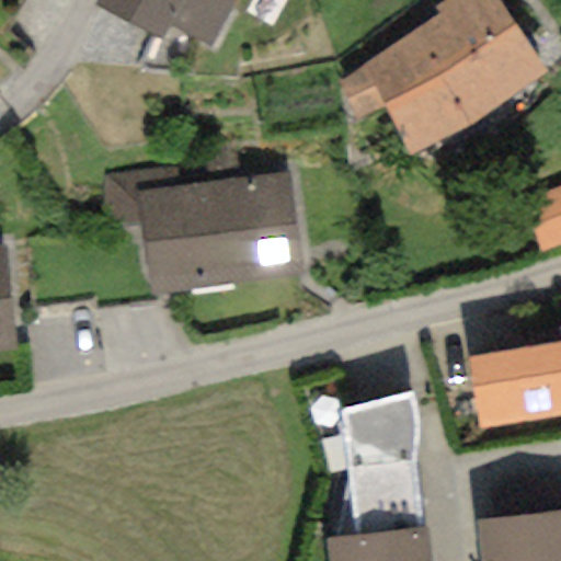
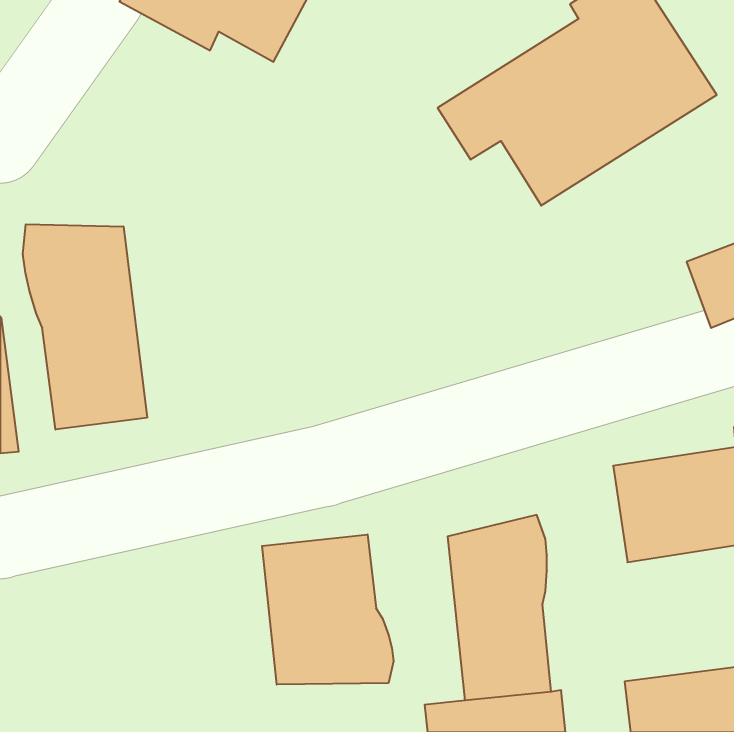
building: [105,163,310,300] -> none
building: none -> [23,224,147,430]
building: none -> [262,534,394,685]

